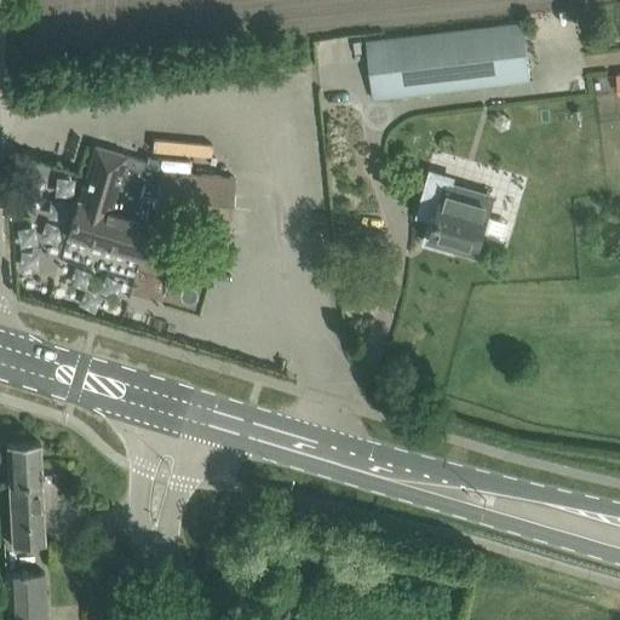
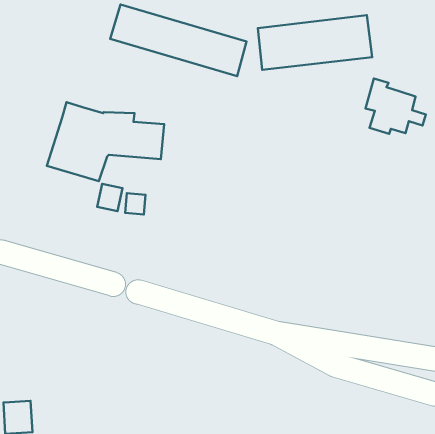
building: none -> [110,4,247,76]
building: [419,173,505,252] -> [365,79,426,134]
building: [5,442,45,547] -> none

